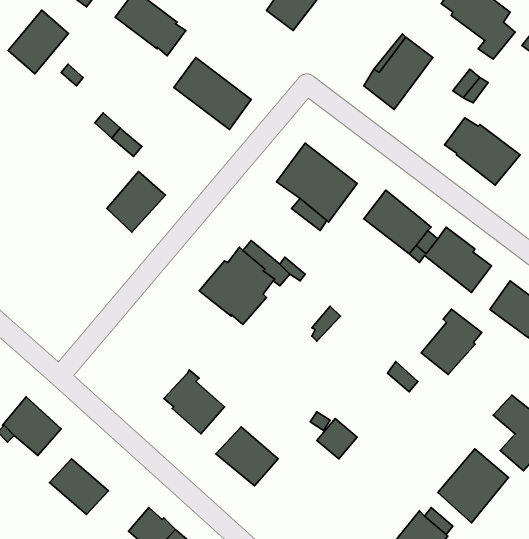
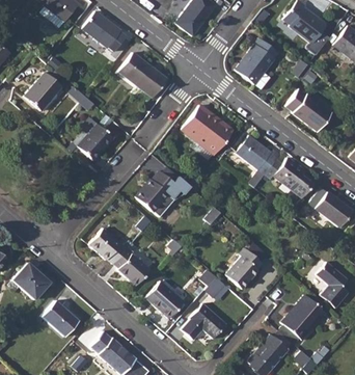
building: [8,10,69,74] -> [25,72,62,111]
building: [421,309,482,375] -> [226,248,264,289]
building: none -> [89,227,128,264]
building: none -> [182,303,226,340]

